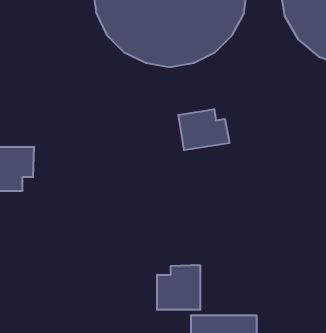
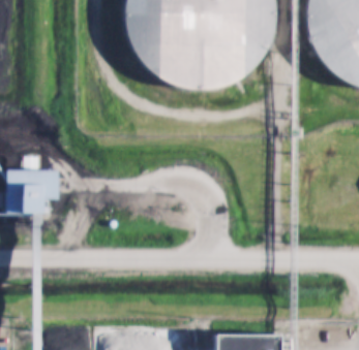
building: [178,109,229,150] -> none
building: [157,265,200,310] -> none

